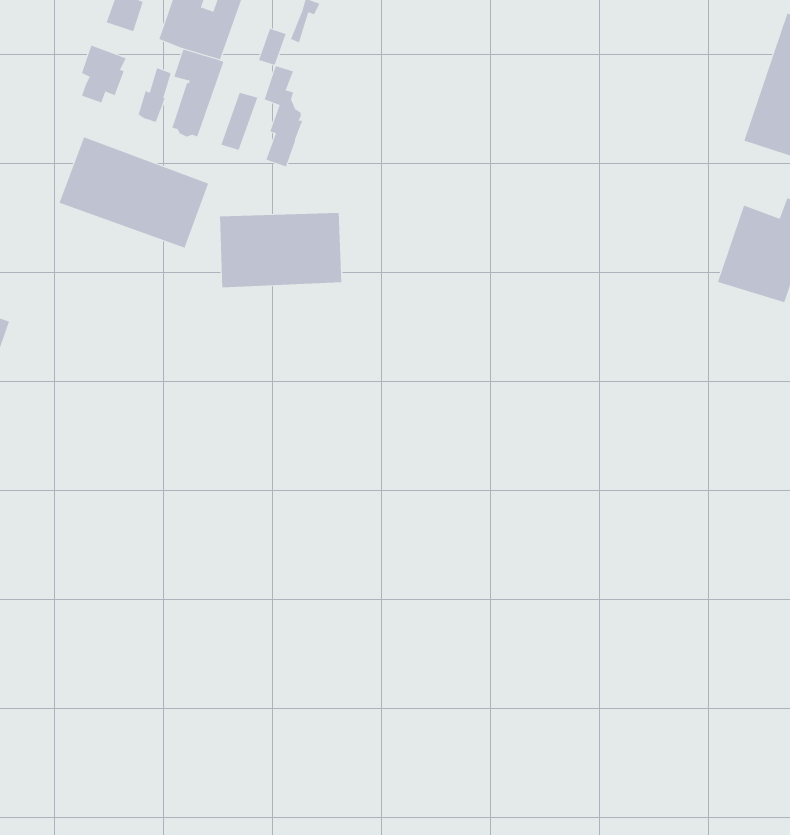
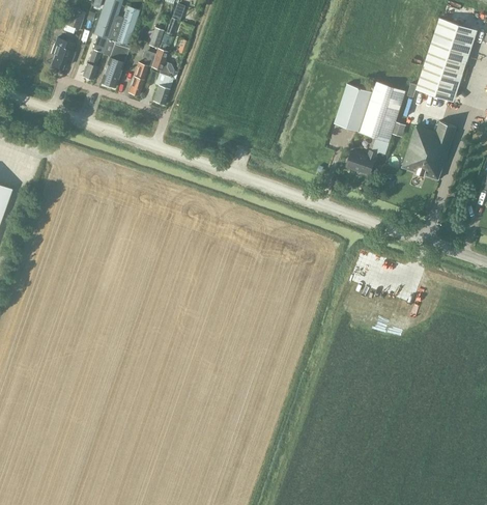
building: none -> [334,81,405,142]
building: [59,136,209,249] -> none
building: [219,212,342,288] -> none
building: none -> [346,150,377,174]

